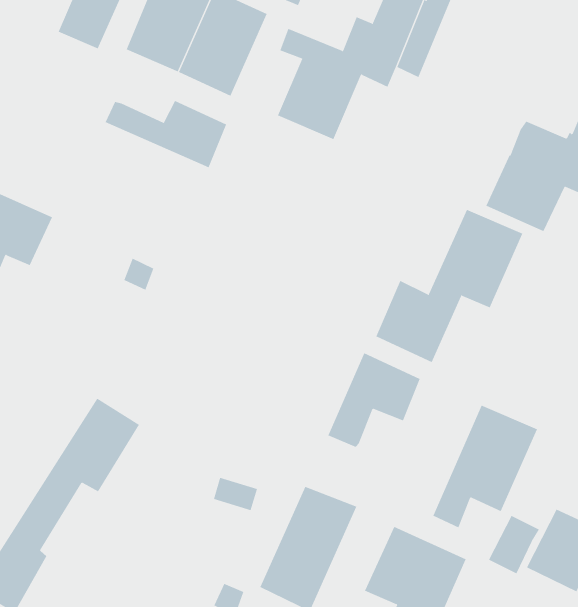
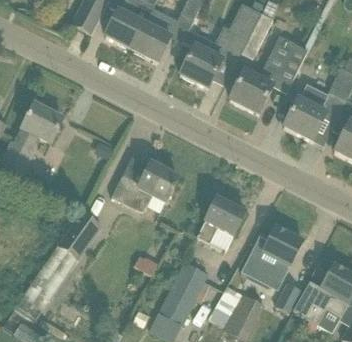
building: [105,100,227,168] -> none
building: [376,209,523,363] -> [230,36,308,113]
building: none -> [112,163,178,209]

